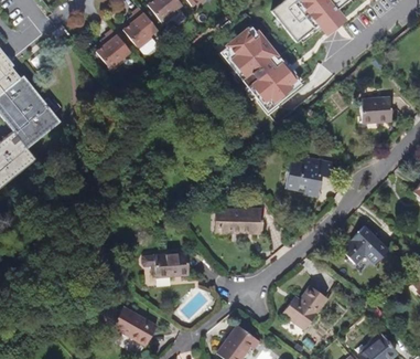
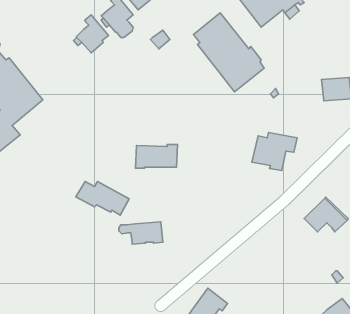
building: [218,208,263,233] -> [135,145,177,168]
building: [283,285,327,328] -> none
building: [100,306,158,342] -> [76,181,129,215]

